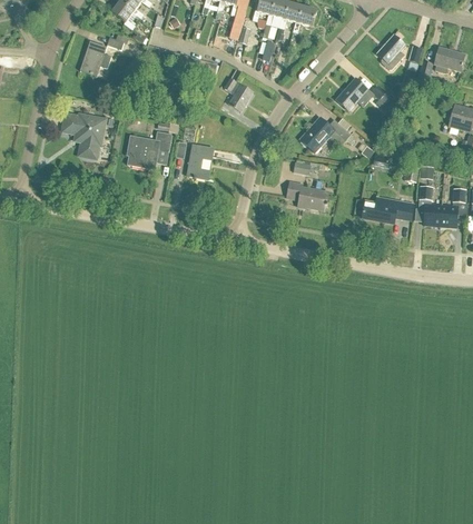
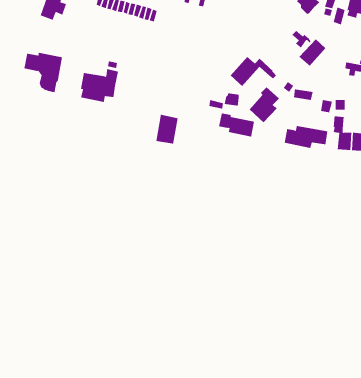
building: [335,77,367,109] -> [298,38,326,66]
building: [224,78,253,111] -> none
building: [187,144,214,178] -> [155,114,179,144]
building: none -> [249,87,280,123]

